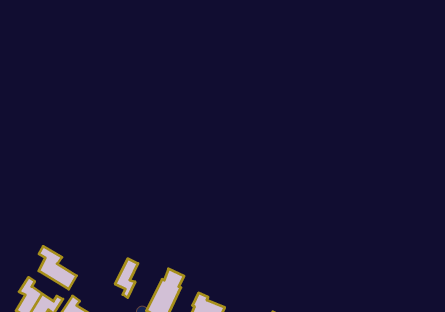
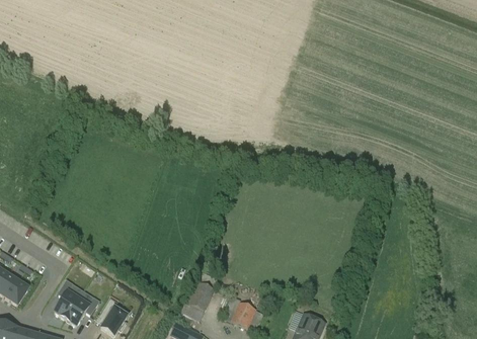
building: [39,246,77,289] -> none
building: [115,259,138,298] -> none

